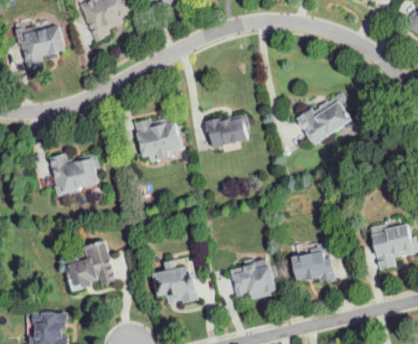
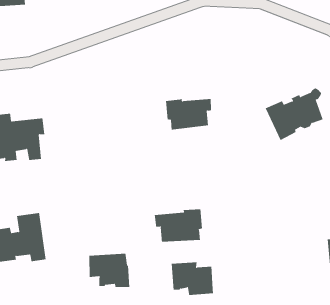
building: [135,117,183,163] -> none
building: none -> [154,208,203,243]
building: [290,242,336,282] -> none

